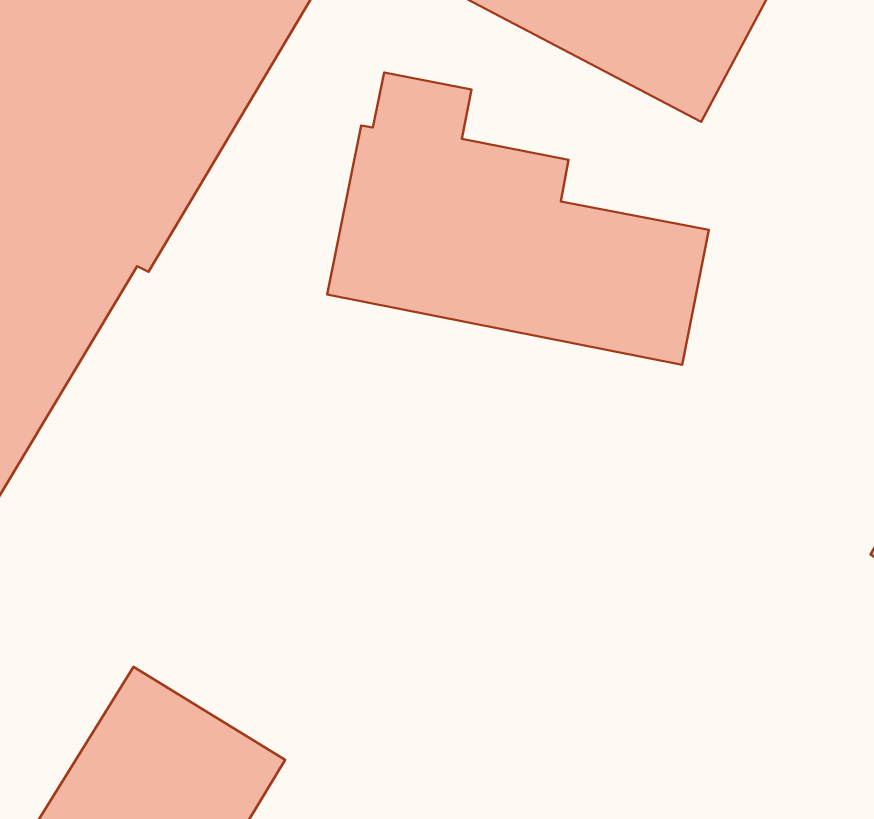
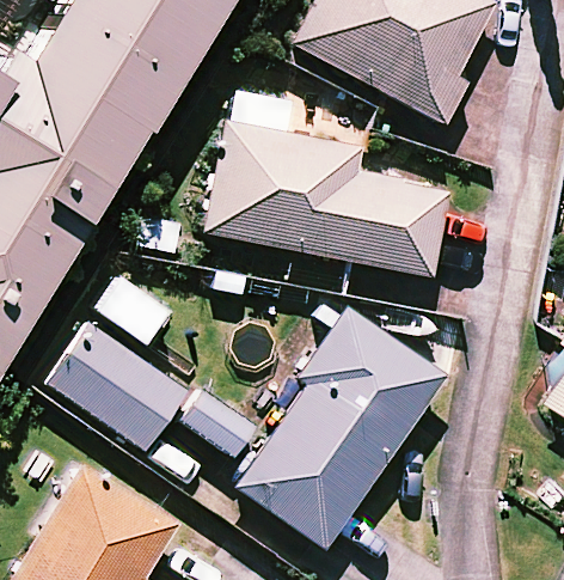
building: none -> [241,309,441,543]
building: none -> [49,311,256,456]

